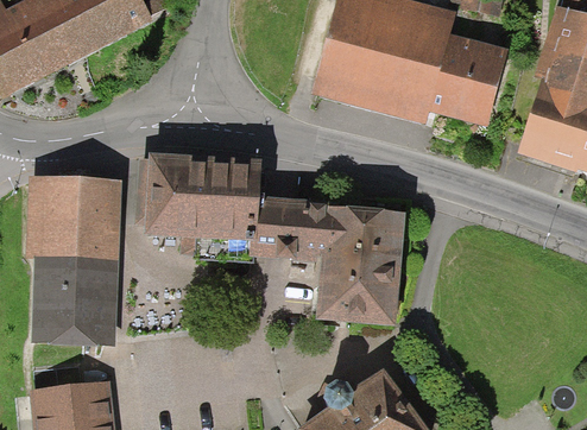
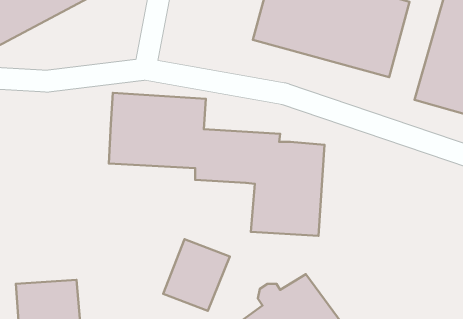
building: [31,176,119,346] -> none
building: none -> [163,239,230,311]

